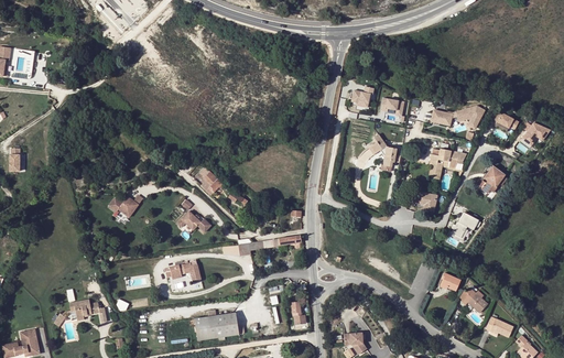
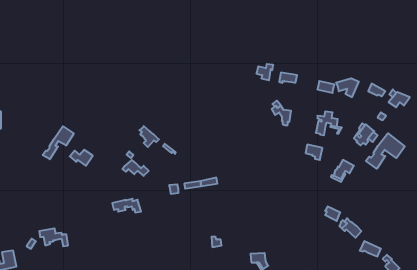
building: none -> [43,126,74,159]
building: none -> [366,133,405,169]
building: [194,312,239,339] -> none

